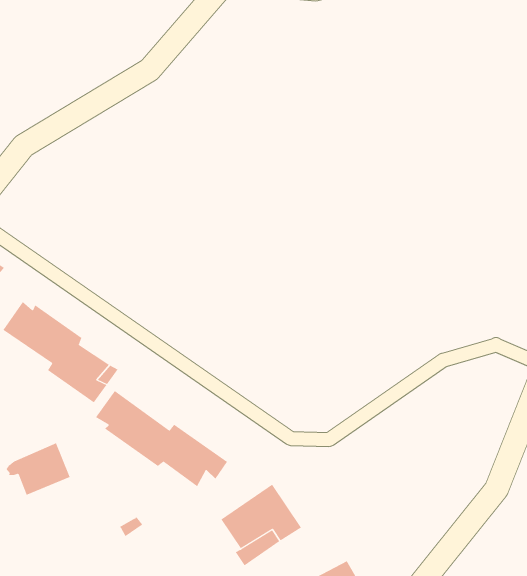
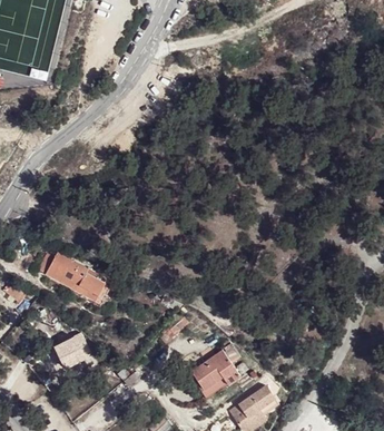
building: [95,390,228,487] -> none

